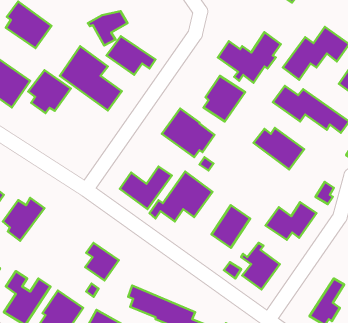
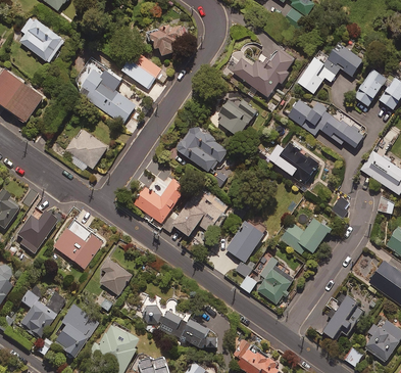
building: [88,11,128,46] -> [147,21,187,56]
building: [28,70,71,113] -> [65,128,108,171]
building: none -> [51,221,103,270]

